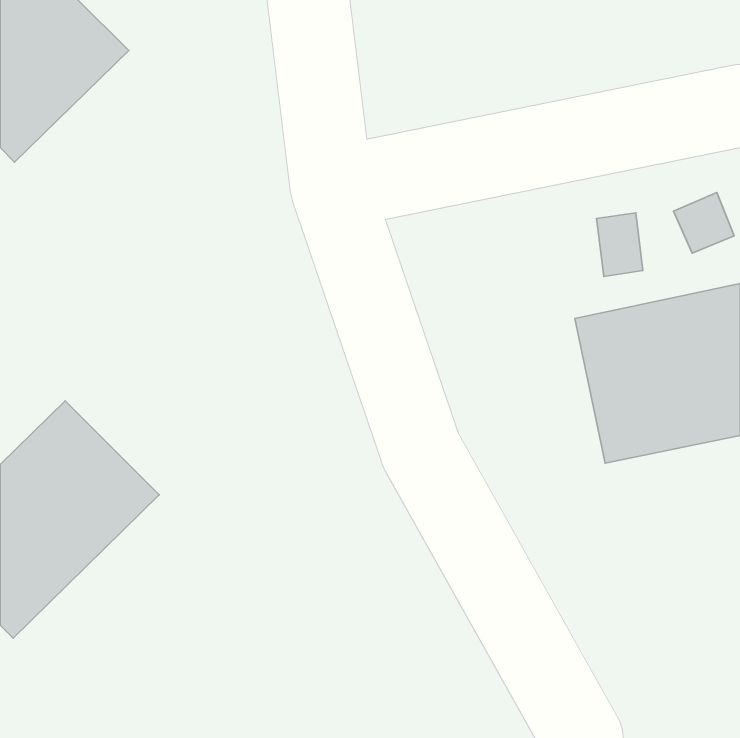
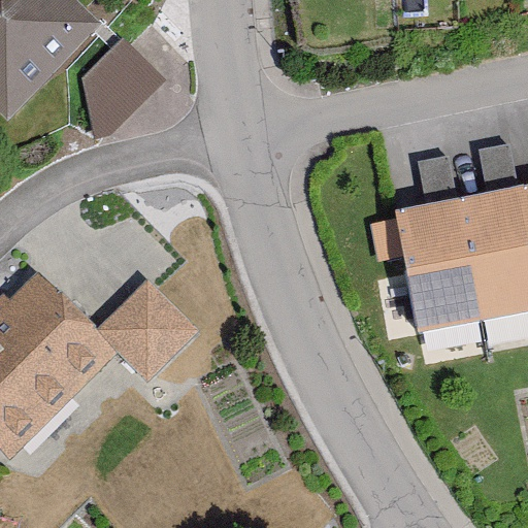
building: none -> [72,34,165,126]
building: none -> [108,293,192,376]

